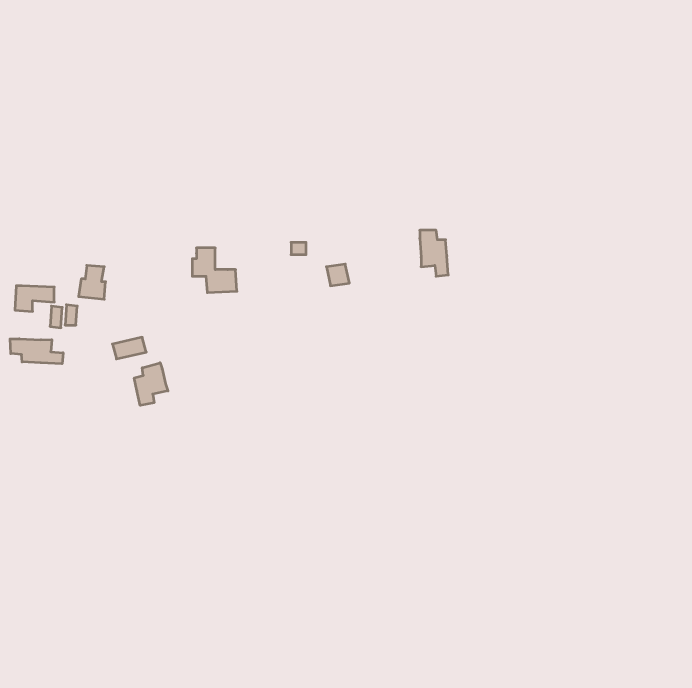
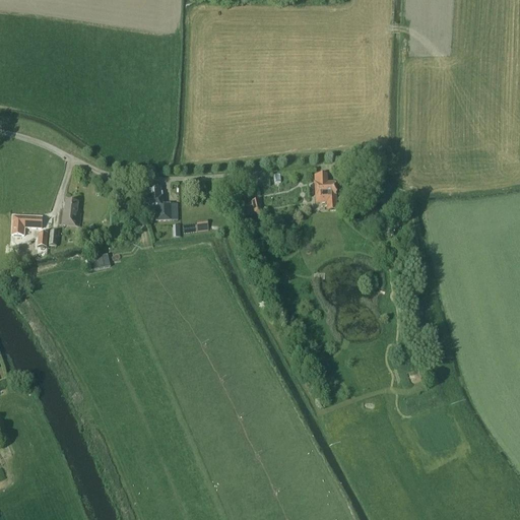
building: [10,339,63,364] -> none
building: [134,363,168,405] -> none

